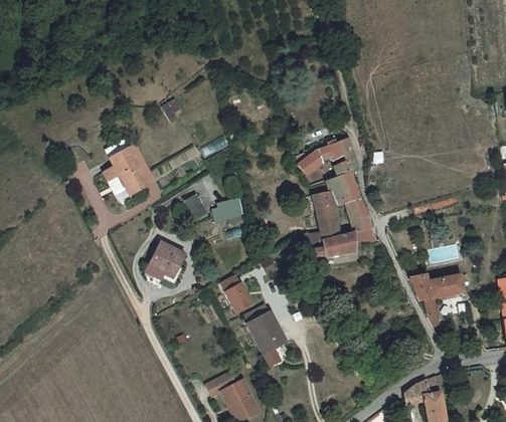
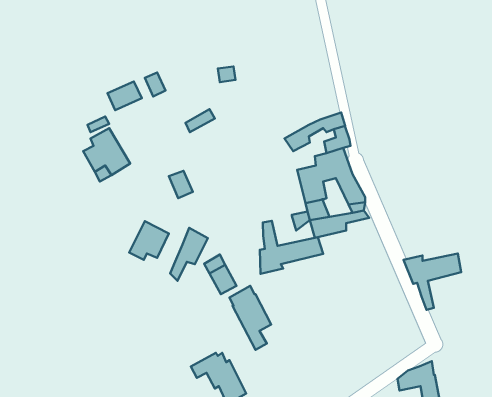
building: none -> [107,81,142,110]
building: [211,199,245,225] -> none
building: none -> [260,221,323,274]
building: none -> [170,228,208,281]

